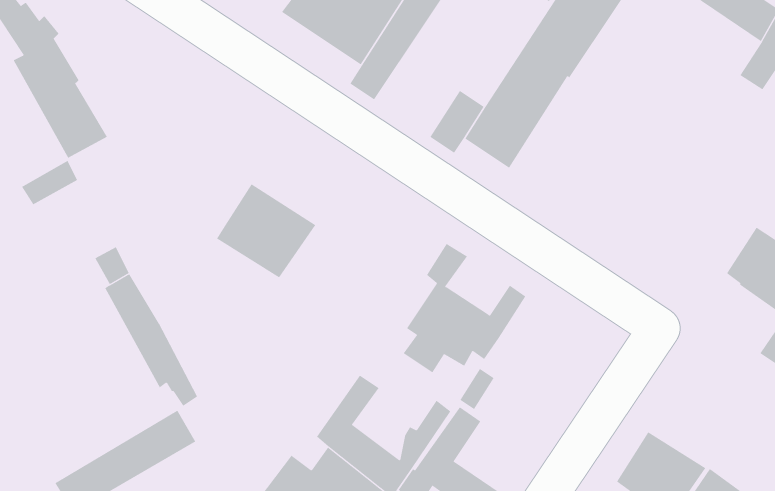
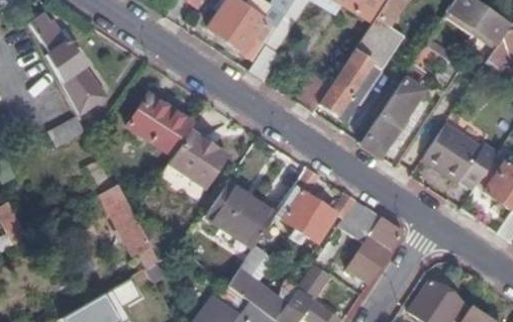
building: none -> [361,78,423,157]
building: none -> [128,95,194,156]
building: none -> [422,124,499,190]
building: none -> [208,181,278,245]
building: none -> [340,200,404,284]

